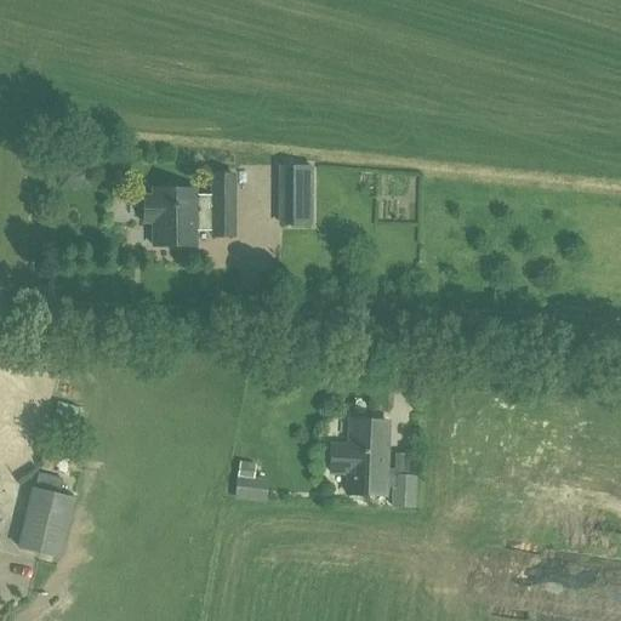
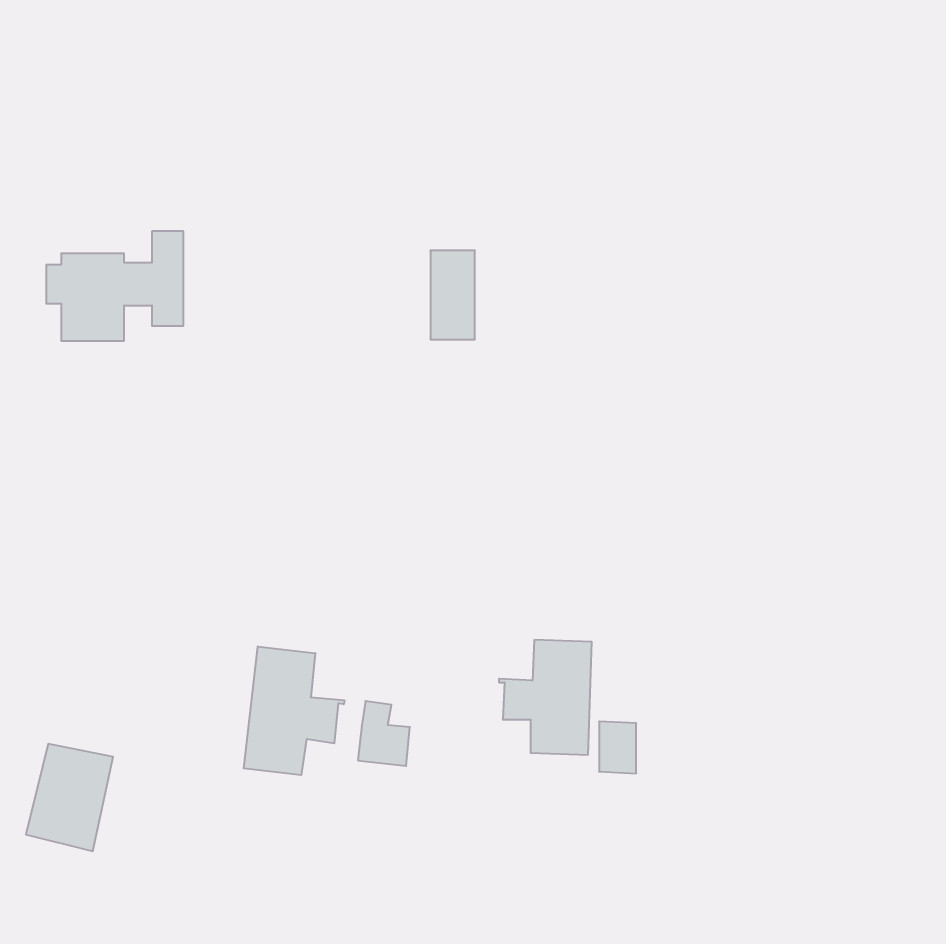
building: [144,172,234,244] -> [46,231,183,341]
building: none -> [244,646,344,775]

